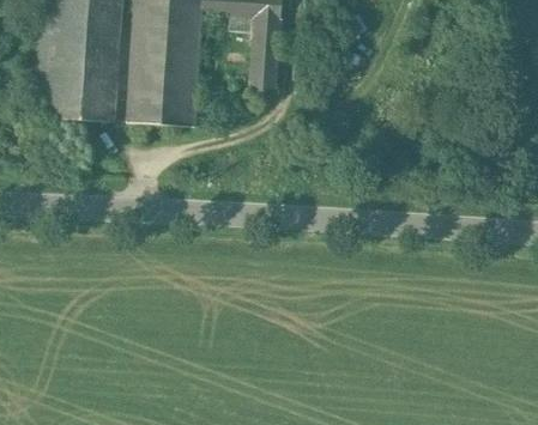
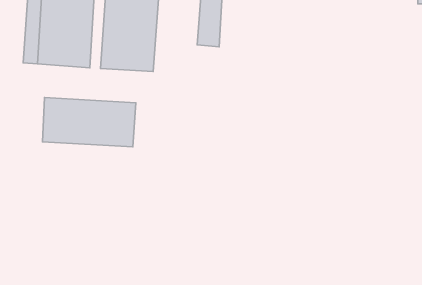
building: none -> [42,98,136,147]

